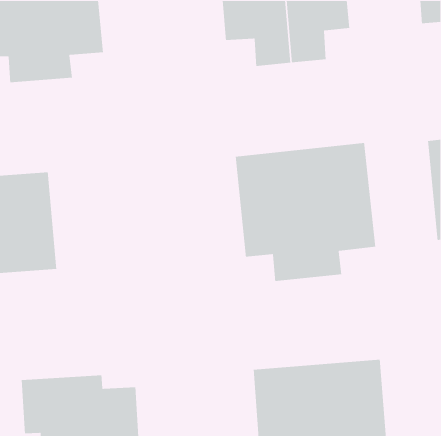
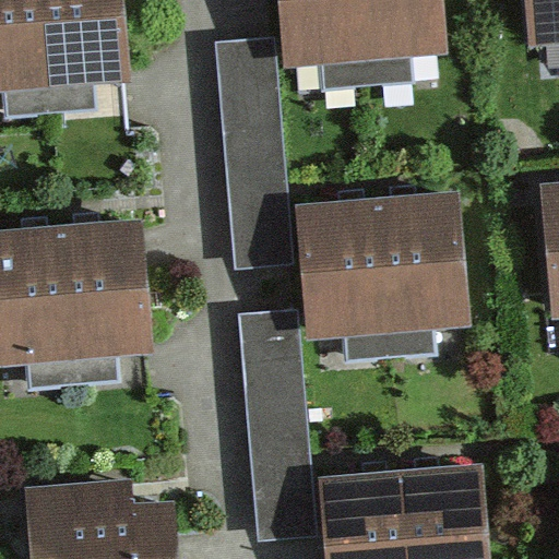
building: none -> [217,39,292,273]
building: none -> [61,219,147,348]
building: none -> [237,312,314,544]

